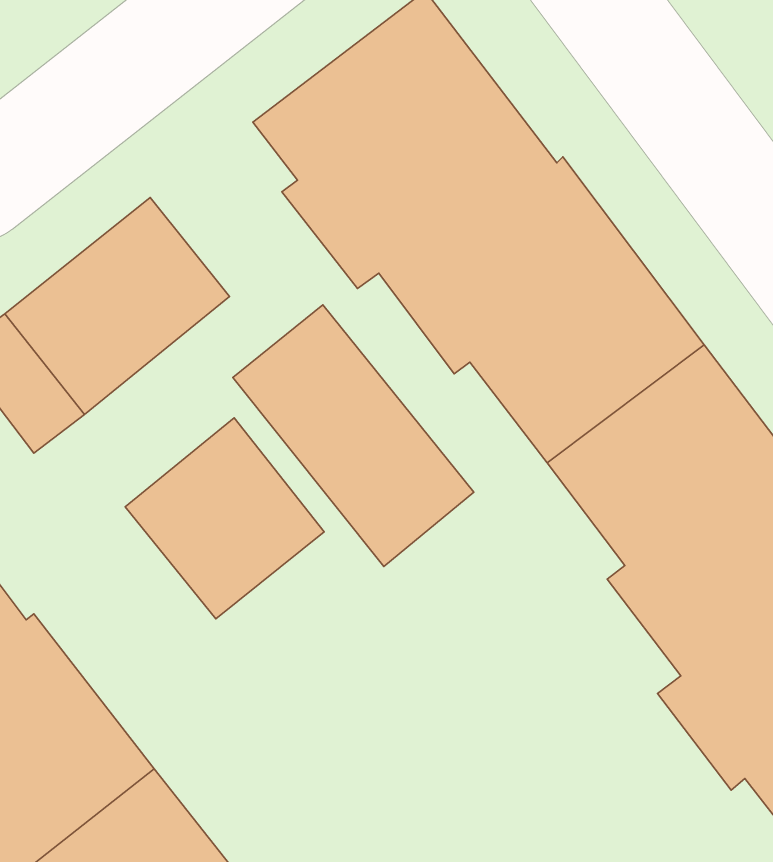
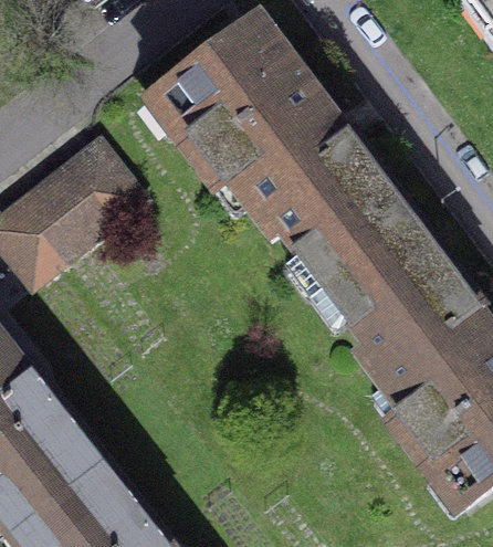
building: [233,305,474,567] -> none
building: [125,418,324,619] -> none

